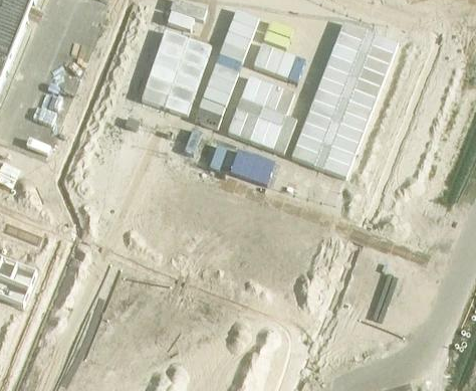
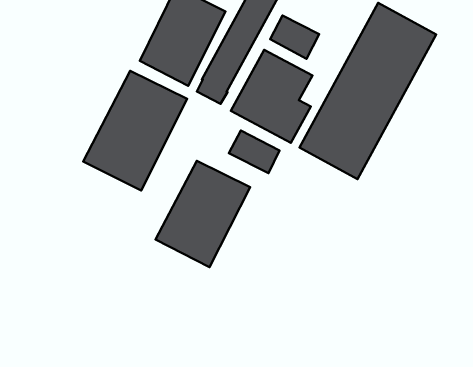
building: none -> [83,71,187,190]
building: none -> [155,161,250,267]

